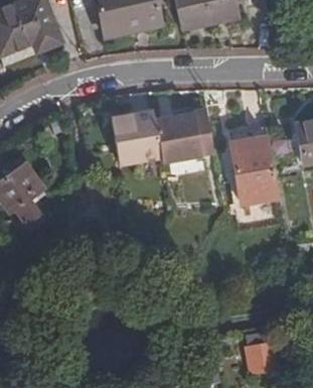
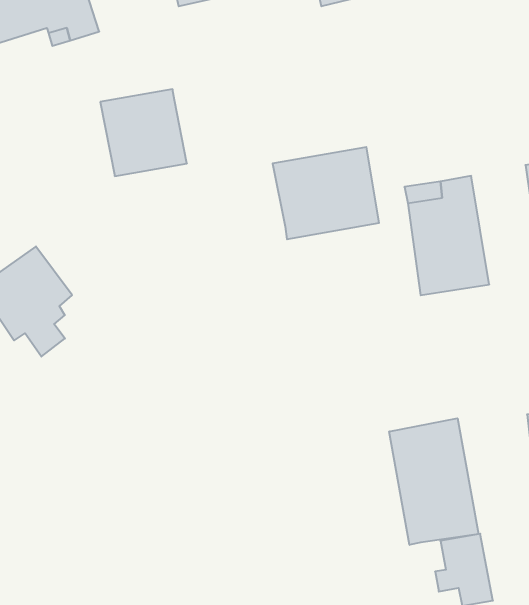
building: [114,114,162,162] -> [100,89,187,176]
building: none -> [389,418,478,545]

